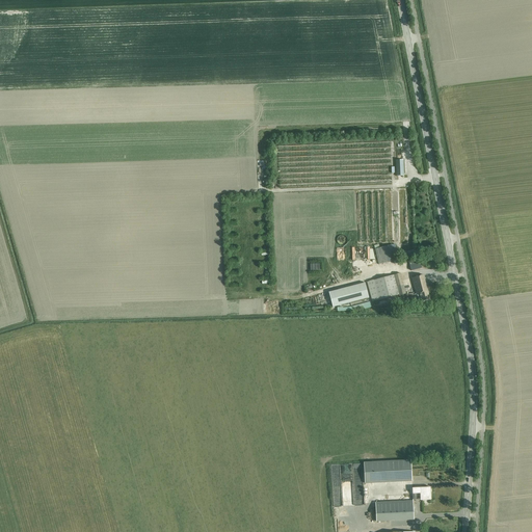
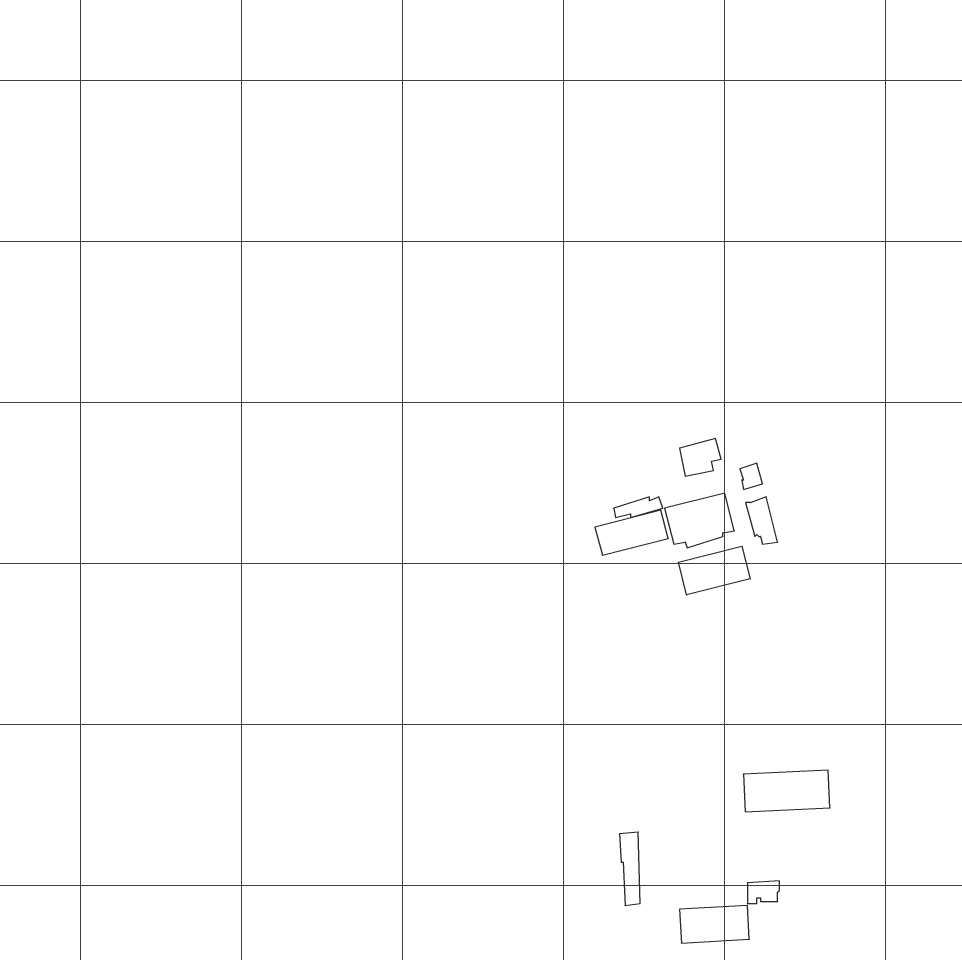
building: none -> [678,546,750,595]
building: [364,459,411,482] -> [743,770,830,812]

